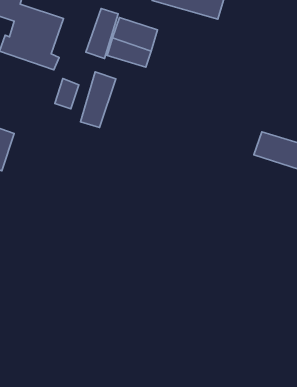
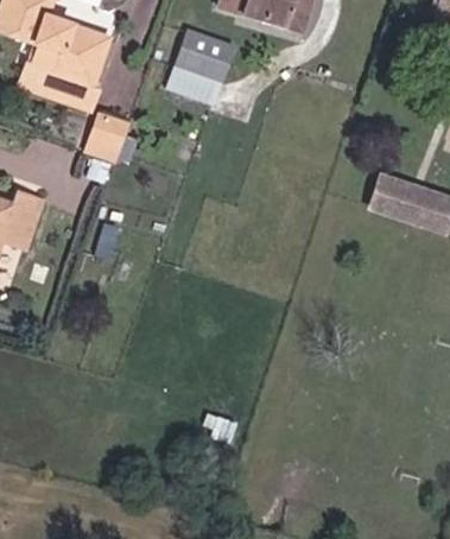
building: [86,9,118,58] -> none
building: [80,72,116,127] -> none

